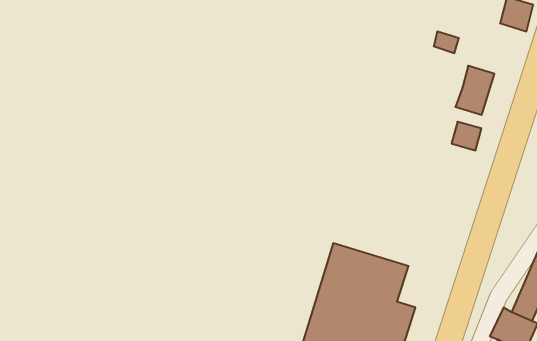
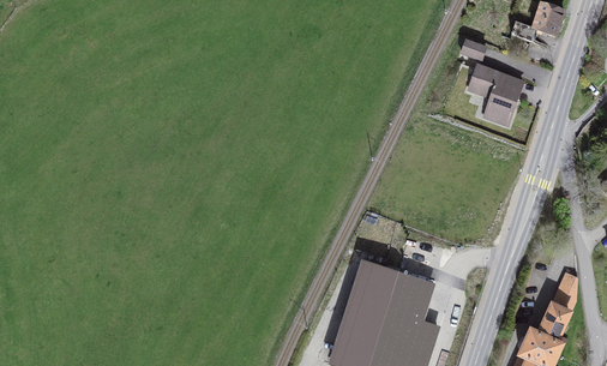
building: [452,122,481,150] -> [463,66,494,96]

